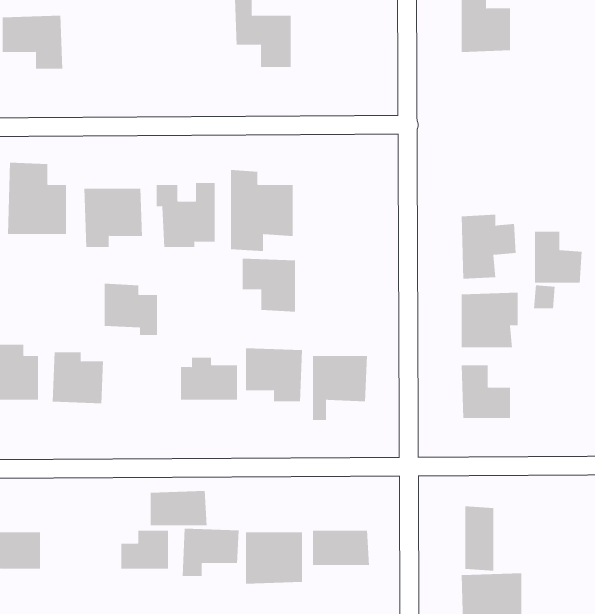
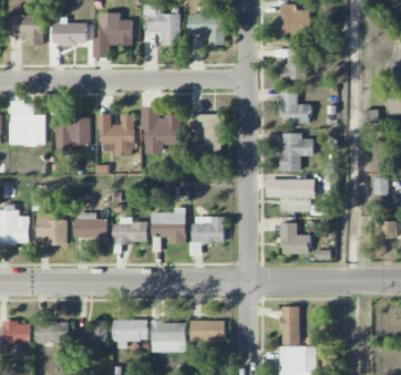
building: none -> [99,13,132,46]
building: none -> [187,14,224,45]
building: none -> [52,21,86,46]
building: none -> [280,49,308,80]
building: [534,231,582,283] -> [281,93,310,124]
building: [242,258,296,312] -> [193,114,225,146]
building: [104,283,158,335] -> [75,212,107,243]
building: [150,491,207,526] -> [35,321,70,342]

